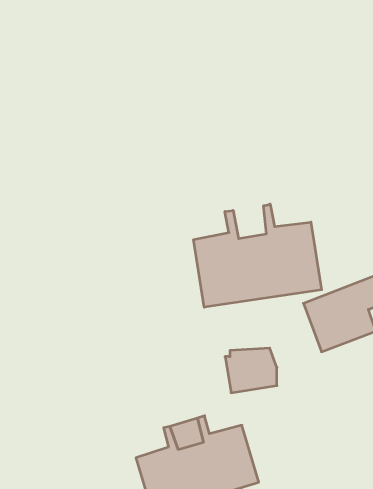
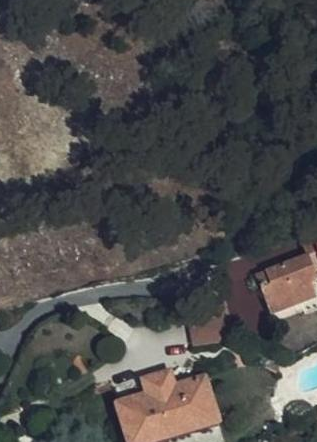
building: [194,204,322,307] -> none

